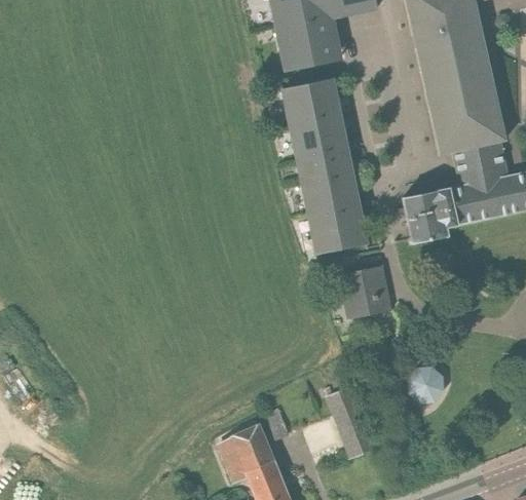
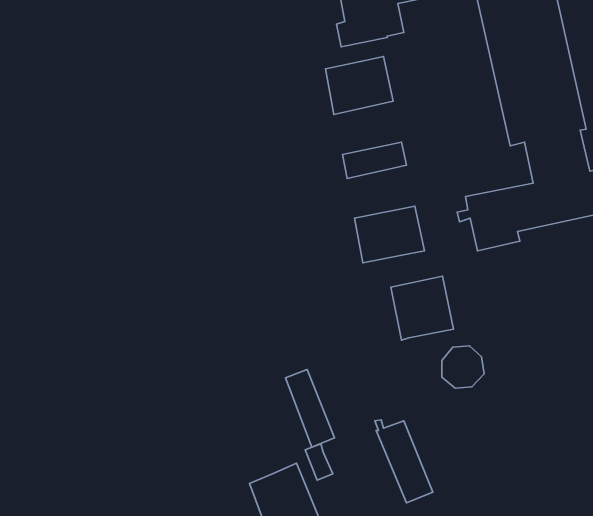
building: [291,116,348,161] -> none
building: [302,170,360,216] -> none
building: none -> [285,369,335,447]
building: [406,363,442,399] -> [442,346,484,388]

